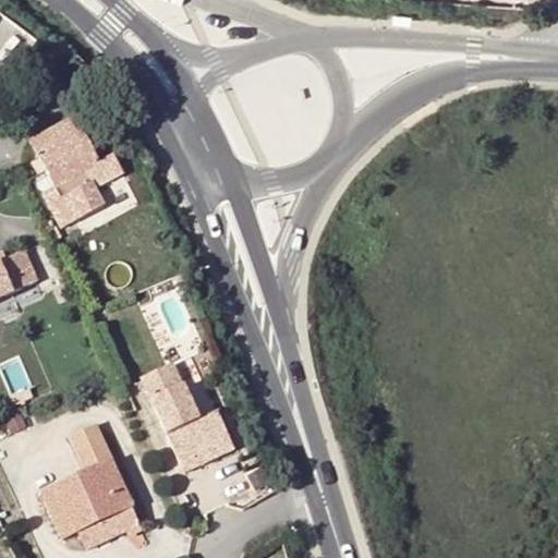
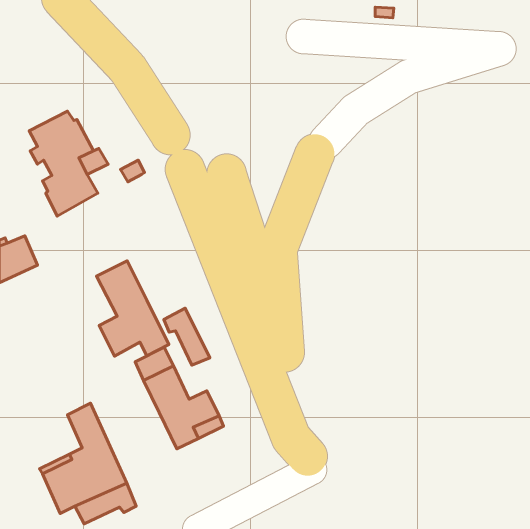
building: none -> [96,261,169,356]
building: none -> [164,308,210,365]

